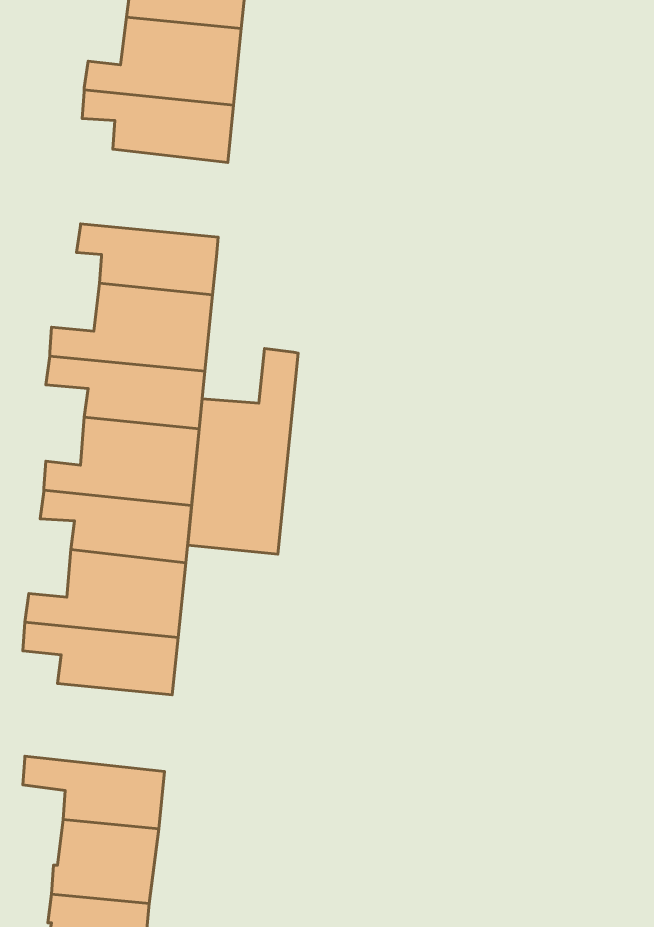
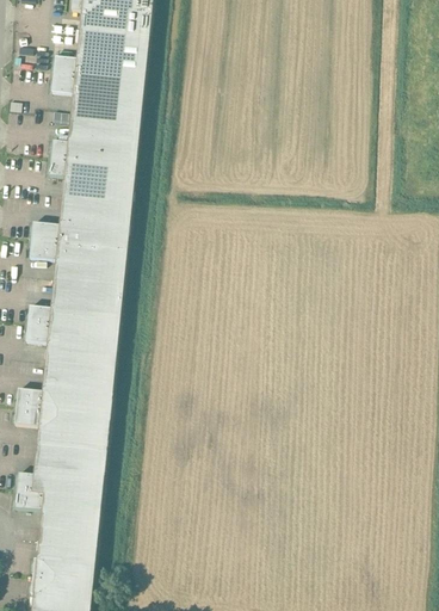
building: none -> [51,111,143,166]
building: [188,349,298,554] -> none
building: none -> [17,444,109,499]

